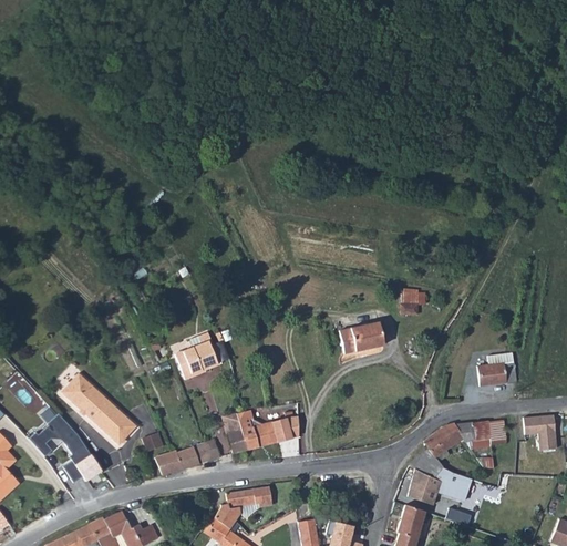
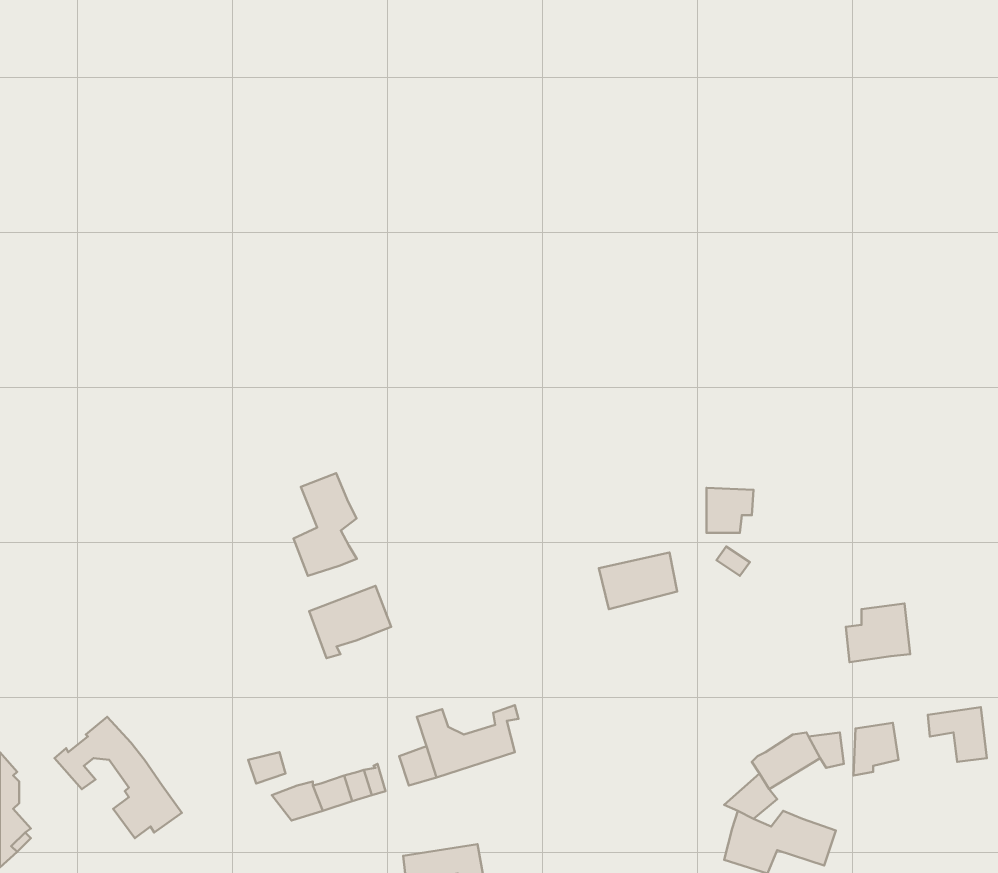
building: none -> [294,473,357,576]
building: [61,374,136,445] -> none

